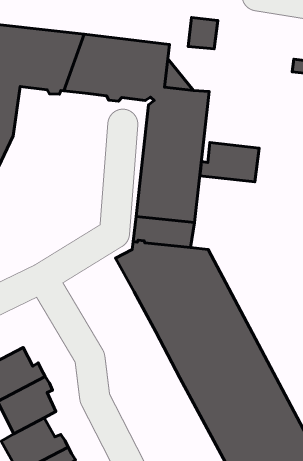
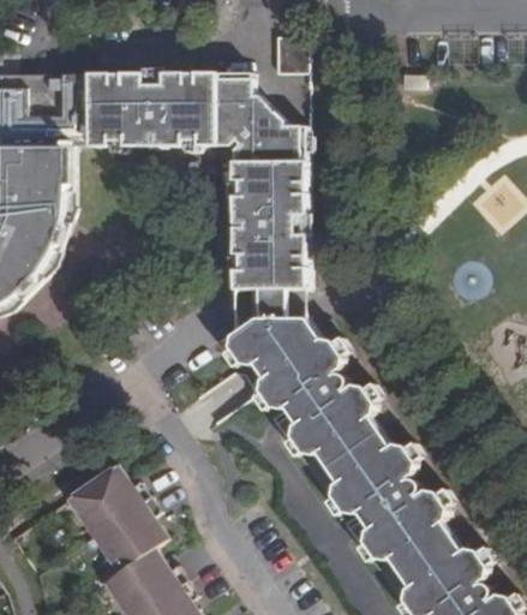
building: [200,143,259,182] -> none

